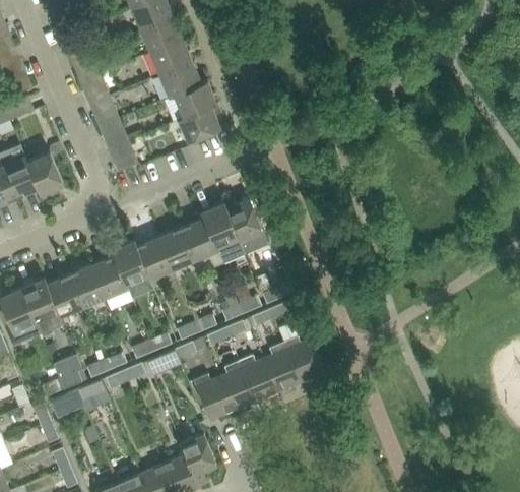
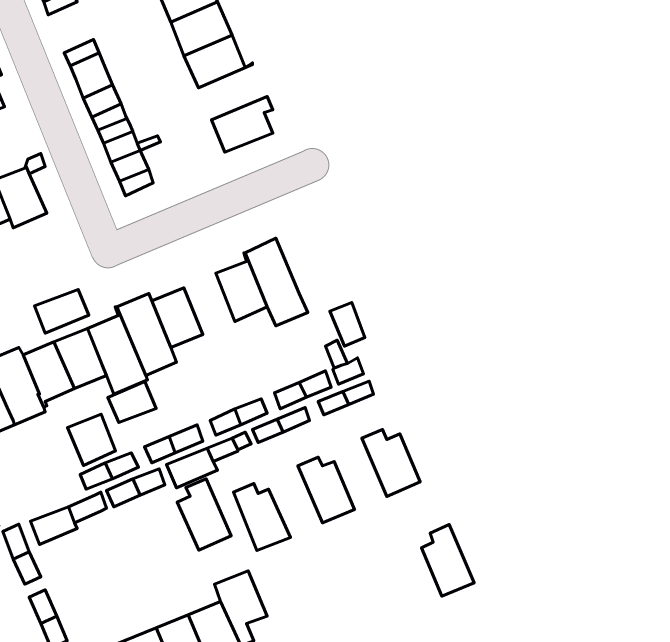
building: [169,81,216,120] -> none
building: [222,198,268,254] -> none
building: [158,227,194,269] -> none
building: none -> [34,290,89,333]
building: none -> [108,382,156,423]
building: [263,342,300,391] -> [422,525,474,596]
building: [53,354,86,389] -> [67,414,116,465]
building: [217,361,255,411] -> [177,479,231,550]

